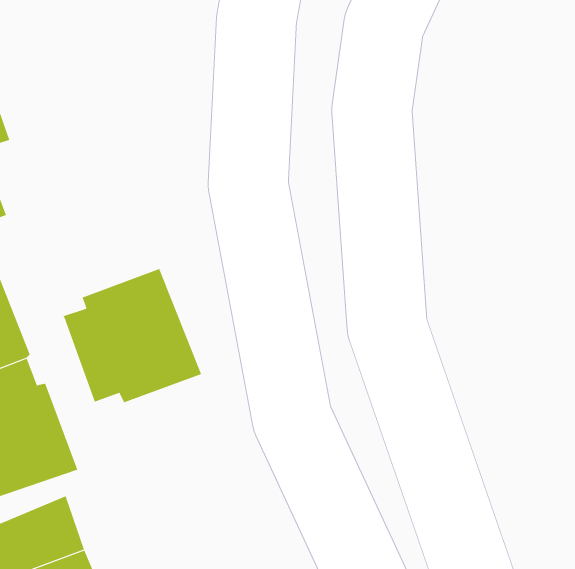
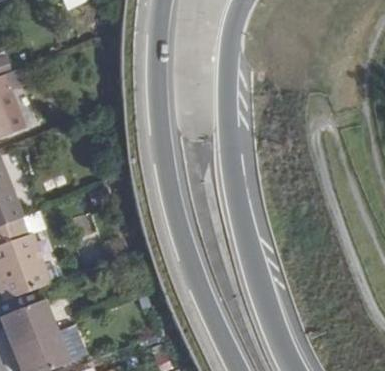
building: [62,268,202,403] -> none

